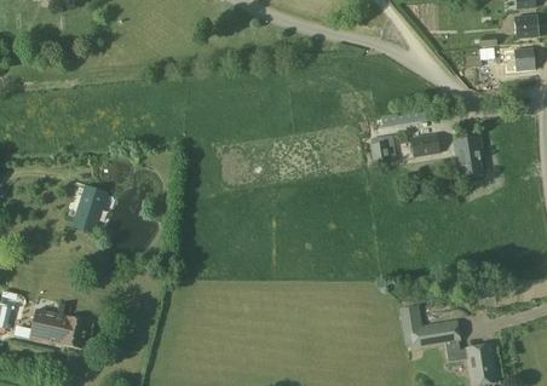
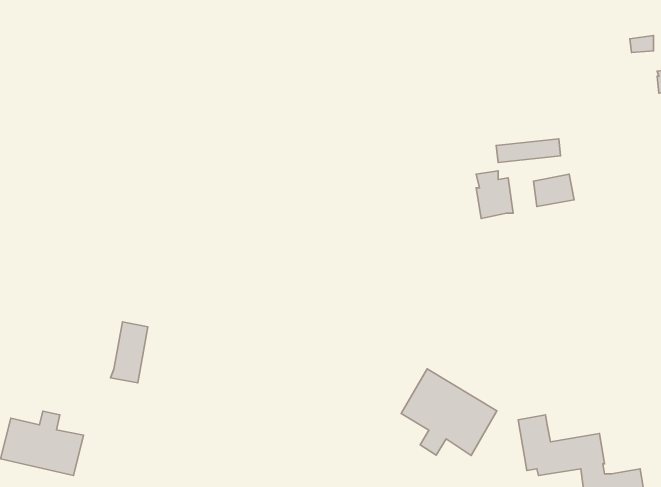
building: [454,136,483,175] -> none
building: [76,192,103,236] -> [111,322,148,383]
building: none -> [401,369,497,455]

